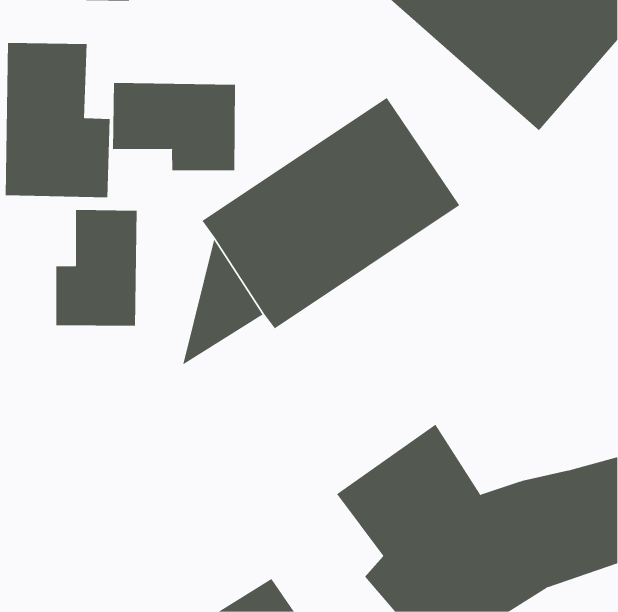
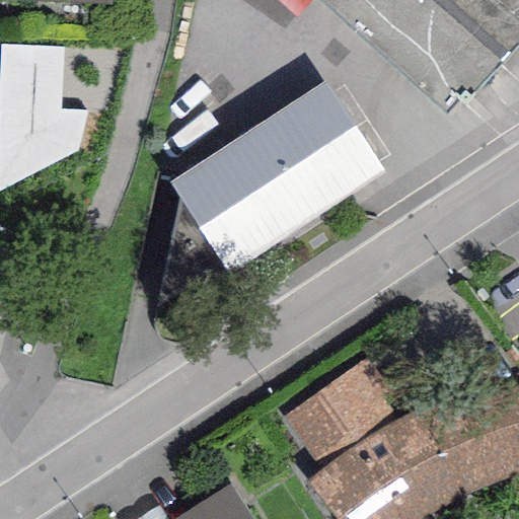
building: [113,82,236,171] -> none
building: [56,209,137,326] -> none

